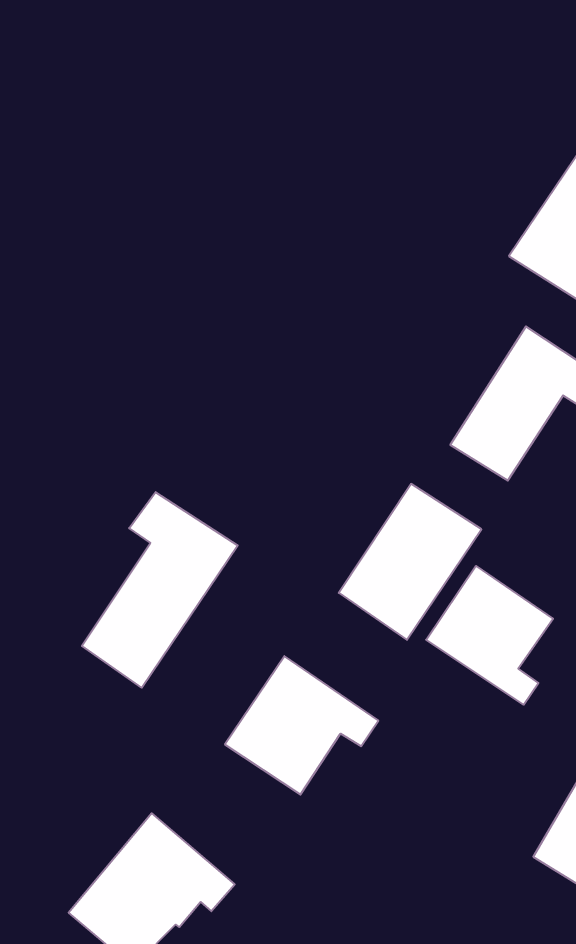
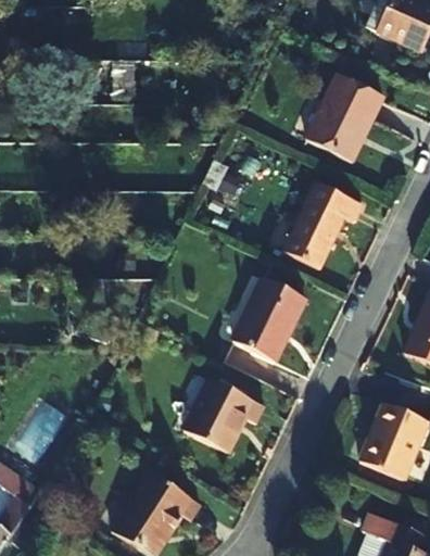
building: [82,492,238,688] -> none
building: [426,566,553,705] -> none

